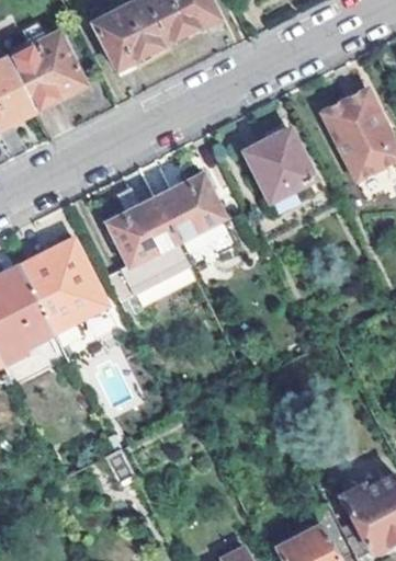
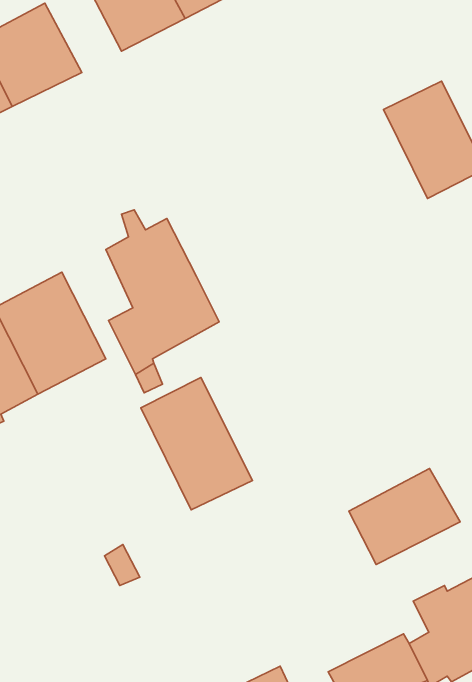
building: [245,130,312,199] -> none
building: [154,174,225,242] -> none
building: none -> [141,377,253,510]
building: none -> [349,468,460,565]

